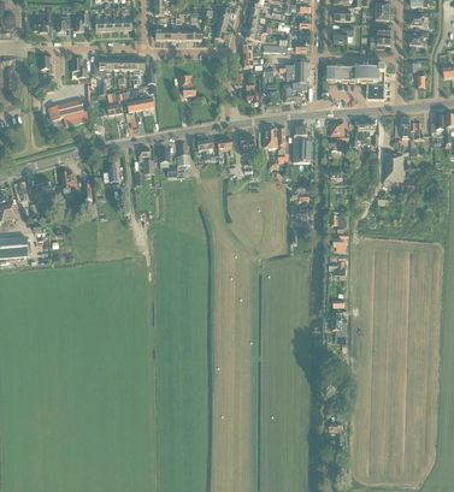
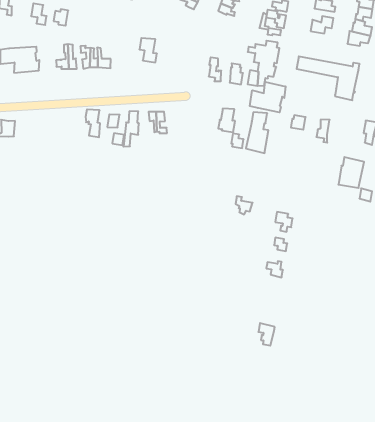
building: none -> [250,82,286,112]

